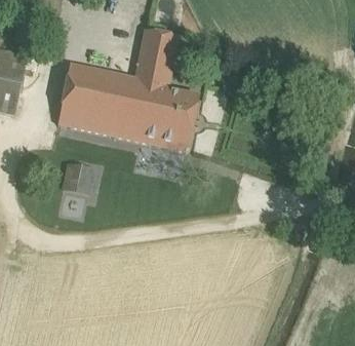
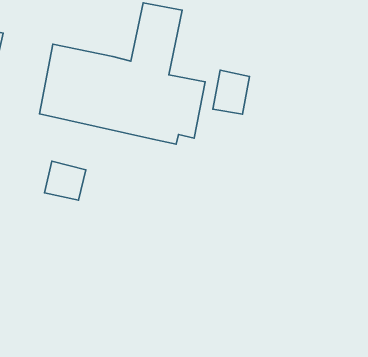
building: none -> [213,70,250,114]

